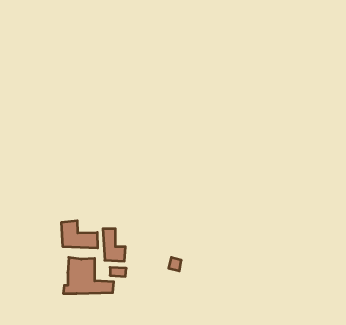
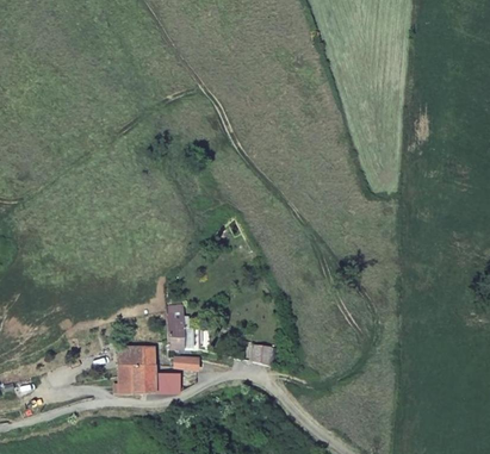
building: [62,221,98,248] -> none

